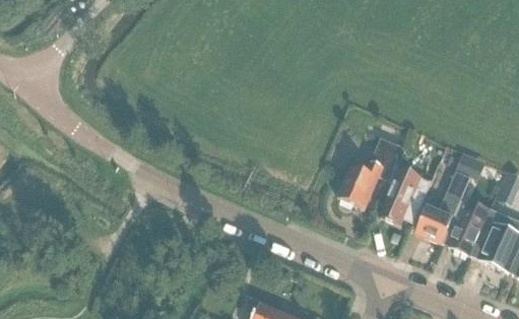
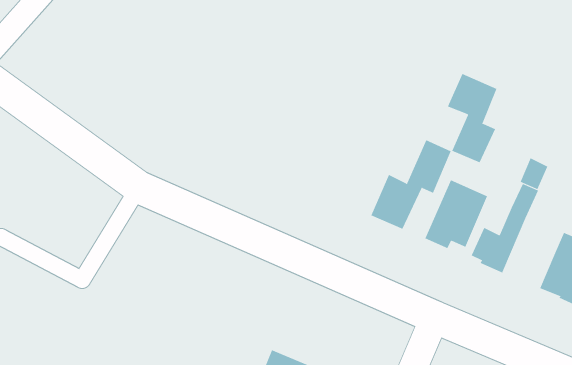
building: none -> [447,73,497,163]
building: [442,199,490,255] -> none

